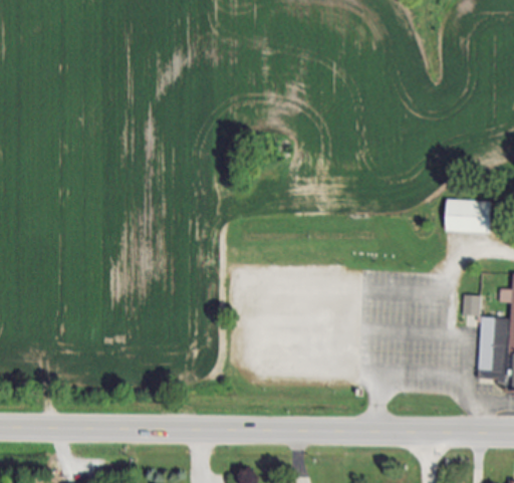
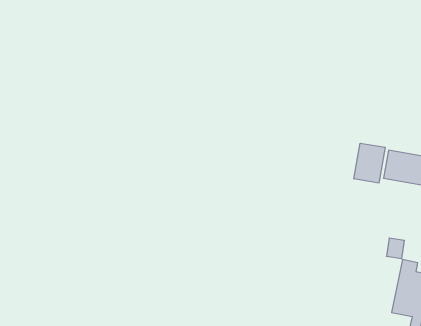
building: none -> [354,143,385,183]

